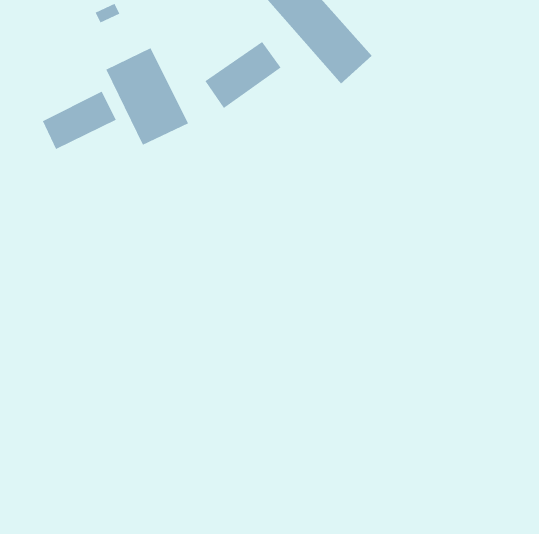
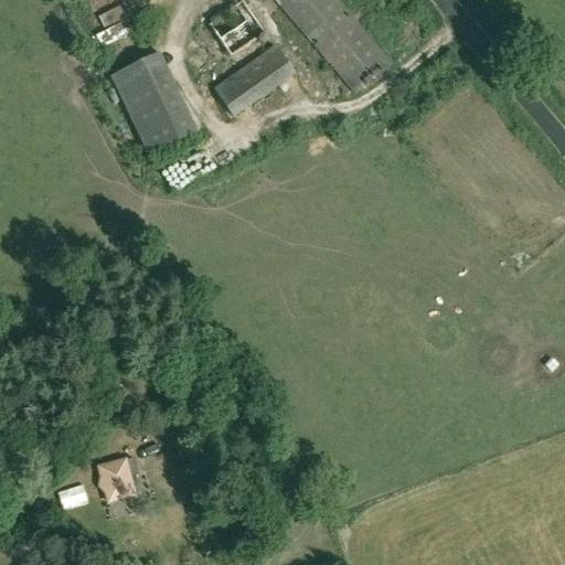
building: [42,91,117,150] -> none
building: none -> [99,455,135,498]

